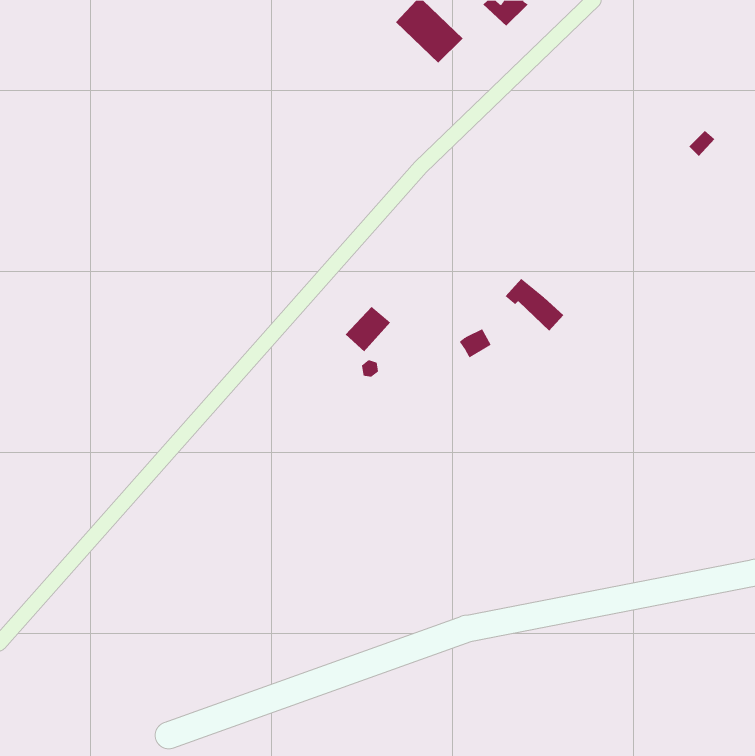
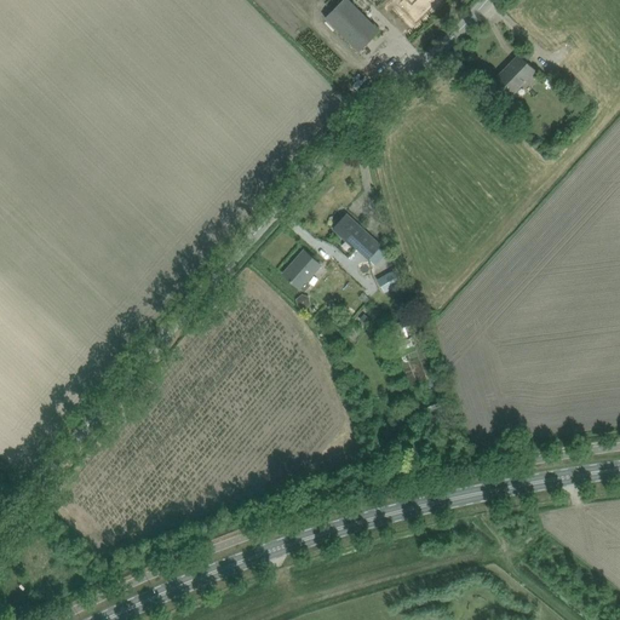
building: none -> [494,56,534,94]
building: [505,278,564,332] -> [332,214,380,258]

